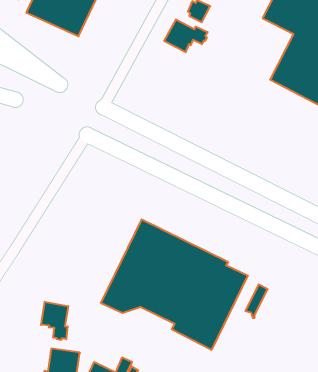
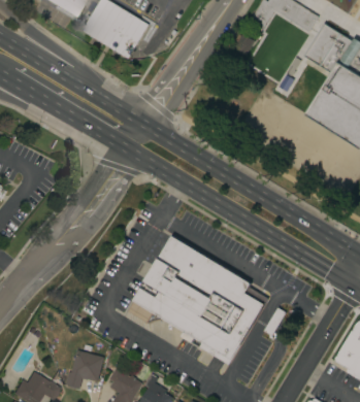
building: [164,19,208,52] -> none
building: [41,302,68,340] -> none

